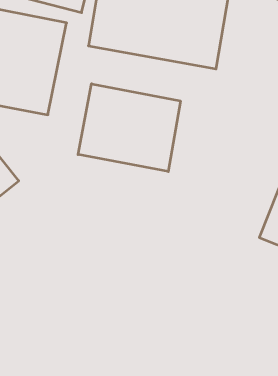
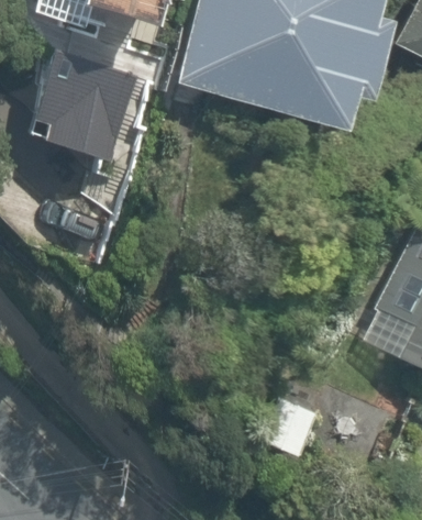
building: [78,84,180,172] -> none

